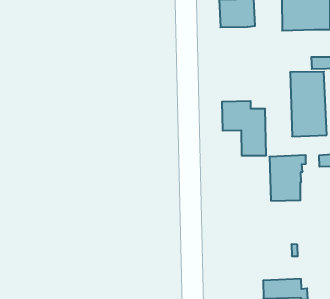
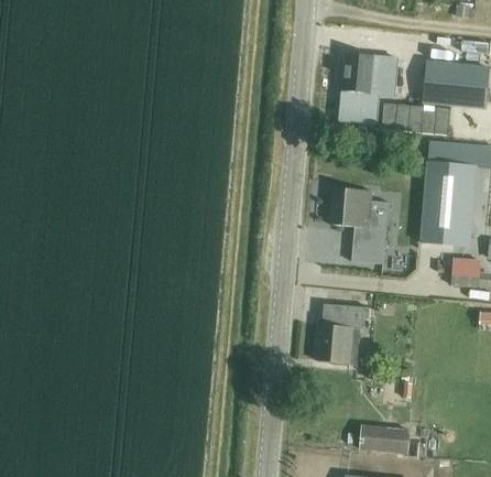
building: none -> [340,89,379,122]
building: none -> [381,102,450,134]
building: [269,155,306,201] -> [319,303,371,364]

